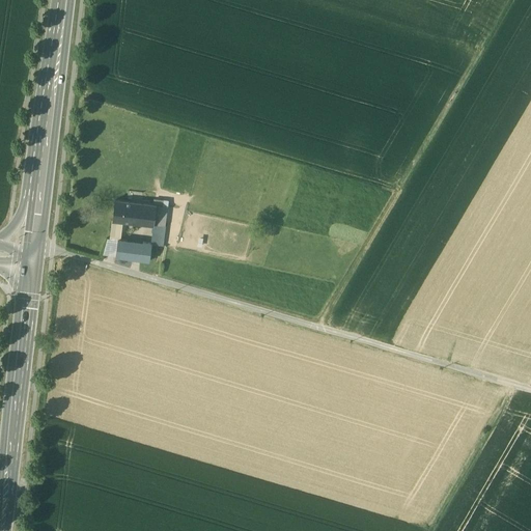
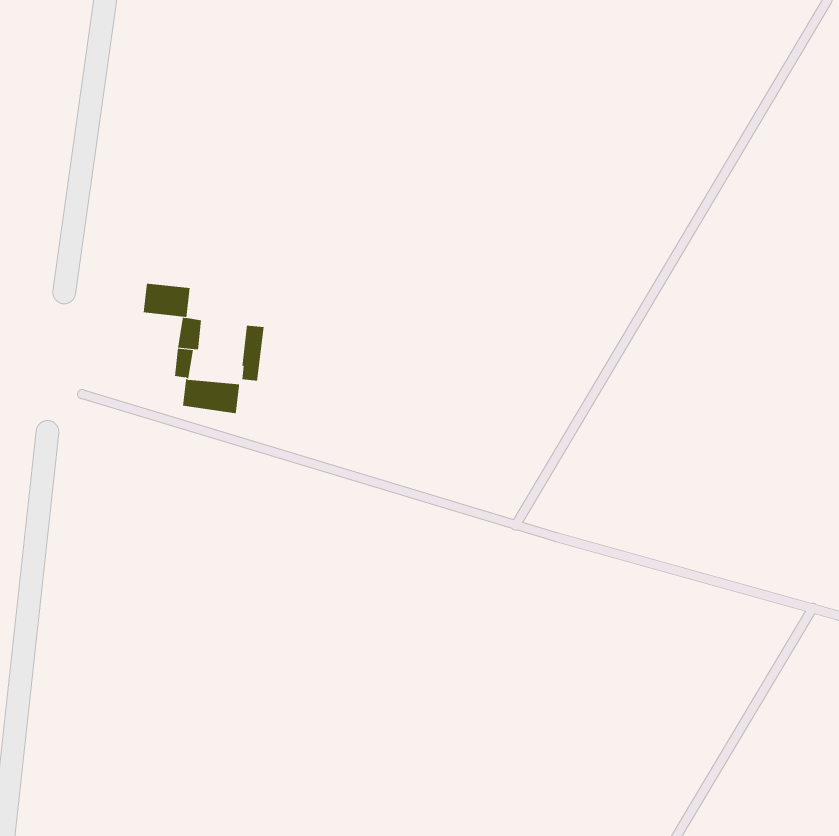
building: [125,204,156,226] -> [143,283,191,318]

